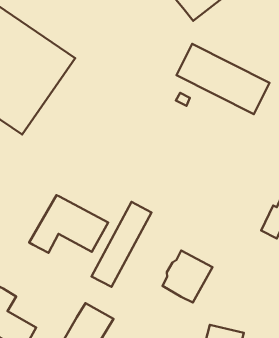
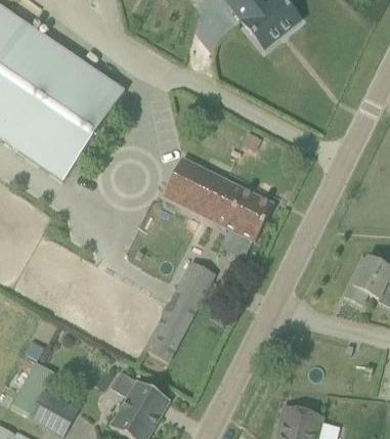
building: [177,44,270,114] -> [164,157,273,239]
building: [29,195,108,253] -> none
building: [163,251,212,303] -> none

